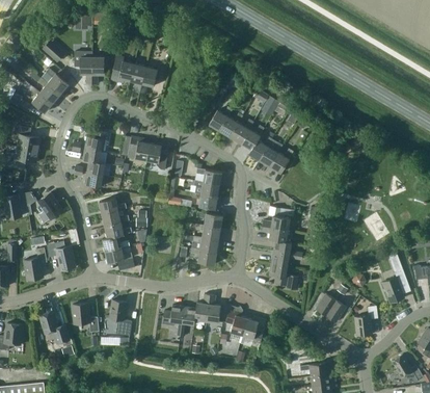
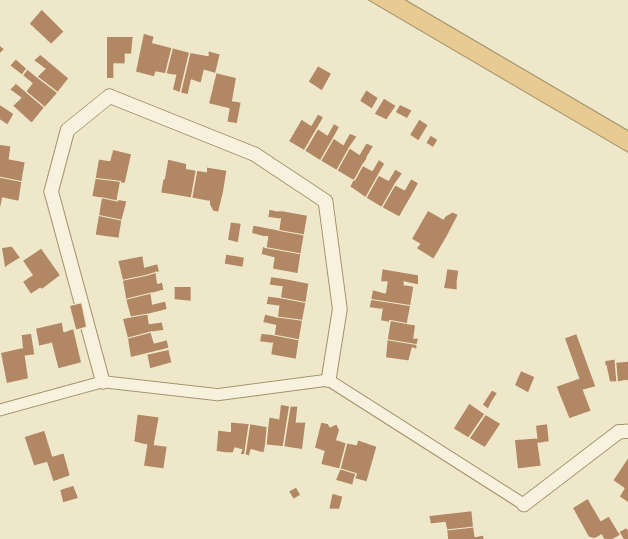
building: [74,51,91,84] -> none
building: none -> [209,72,241,124]
building: none -> [411,210,458,259]
building: [269,264,298,291] -> none
building: [72,304,98,332] -> none

